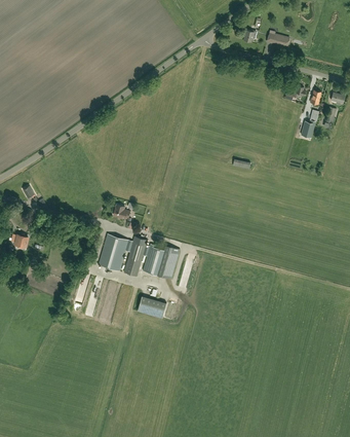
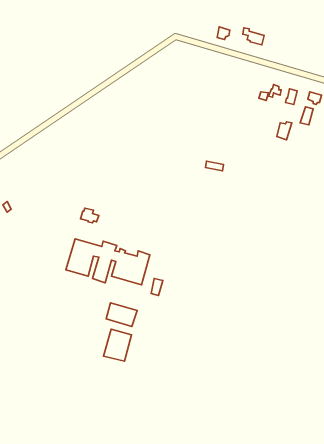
building: none -> [103,329,131,361]

